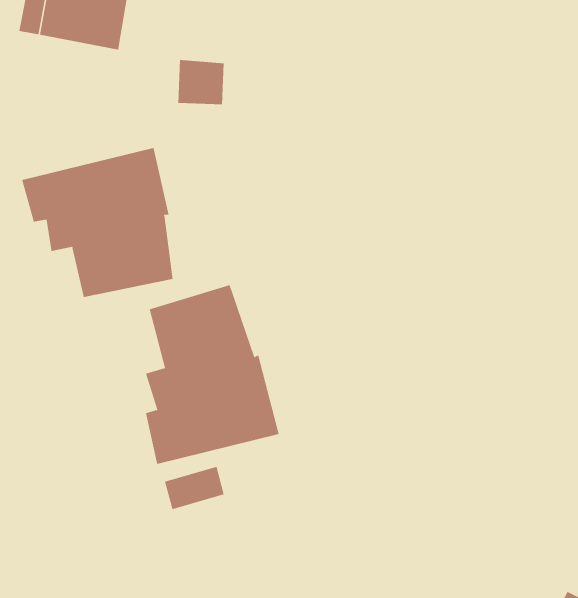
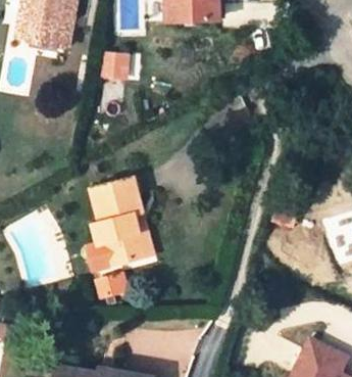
building: [21,147,173,298] -> none

